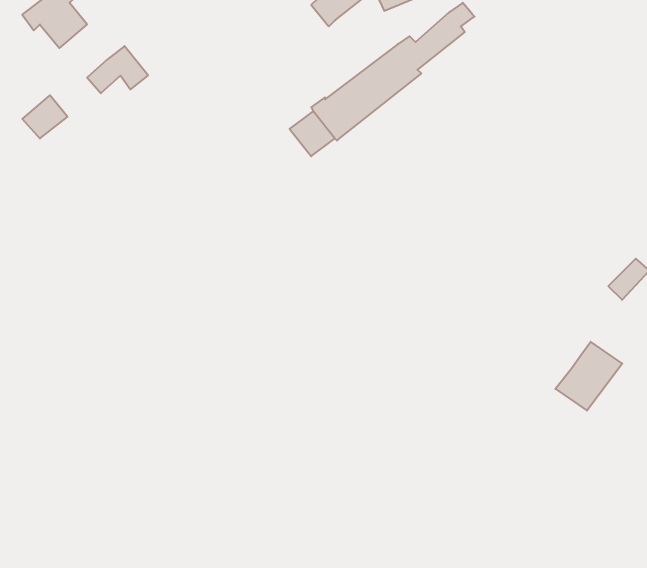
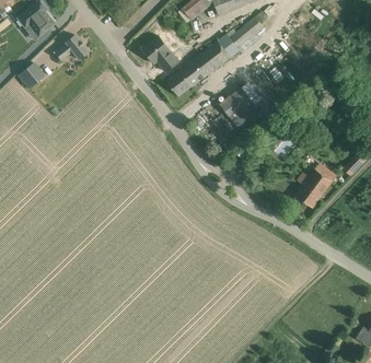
building: none -> [144,35,179,72]
building: none -> [219,87,264,128]
building: [555,342,622,411] -> [295,169,333,208]

